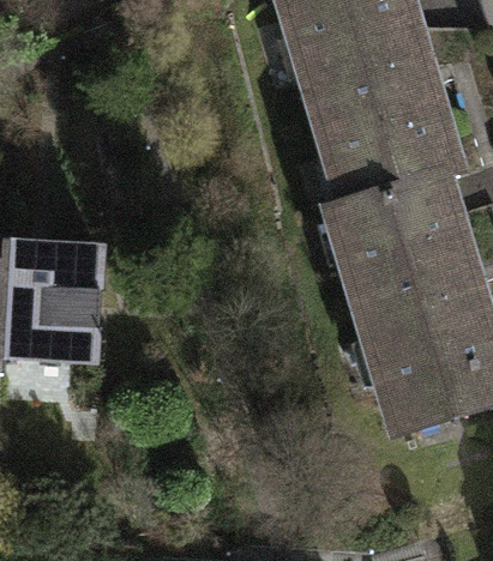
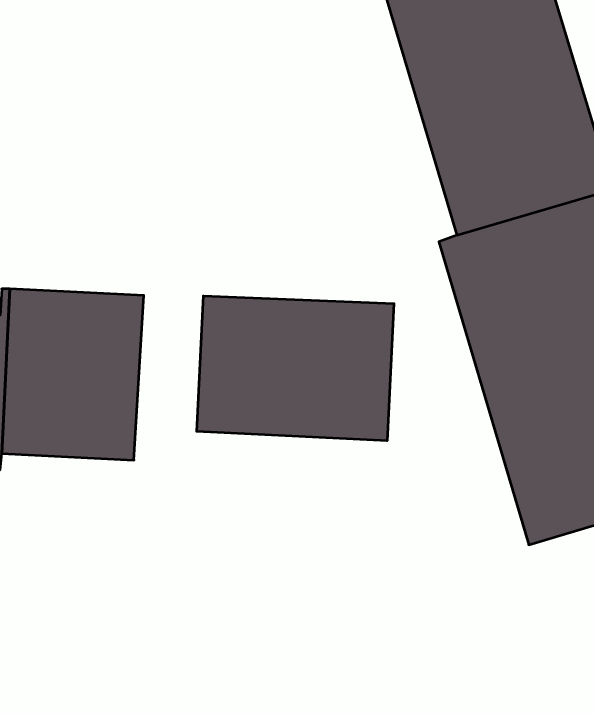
building: none -> [197,296,394,441]

